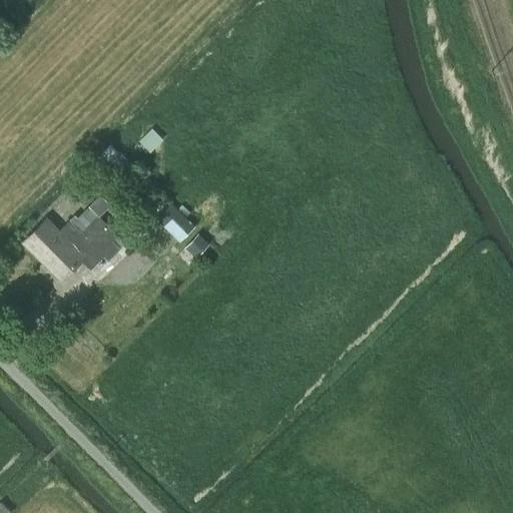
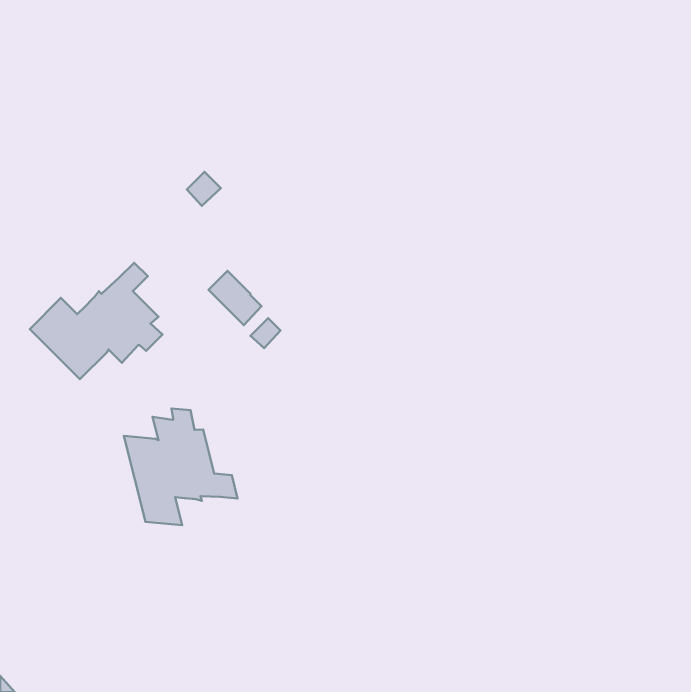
building: none -> [124,408,238,525]

